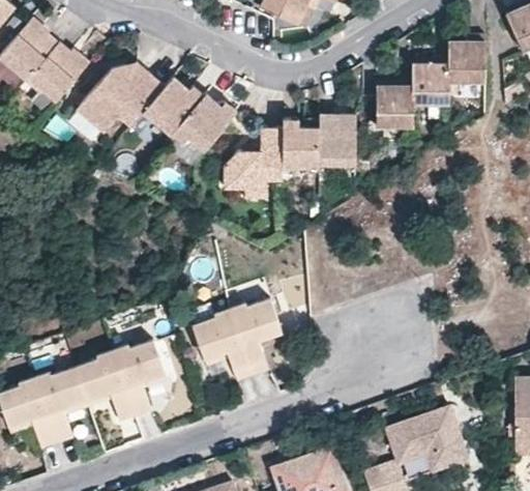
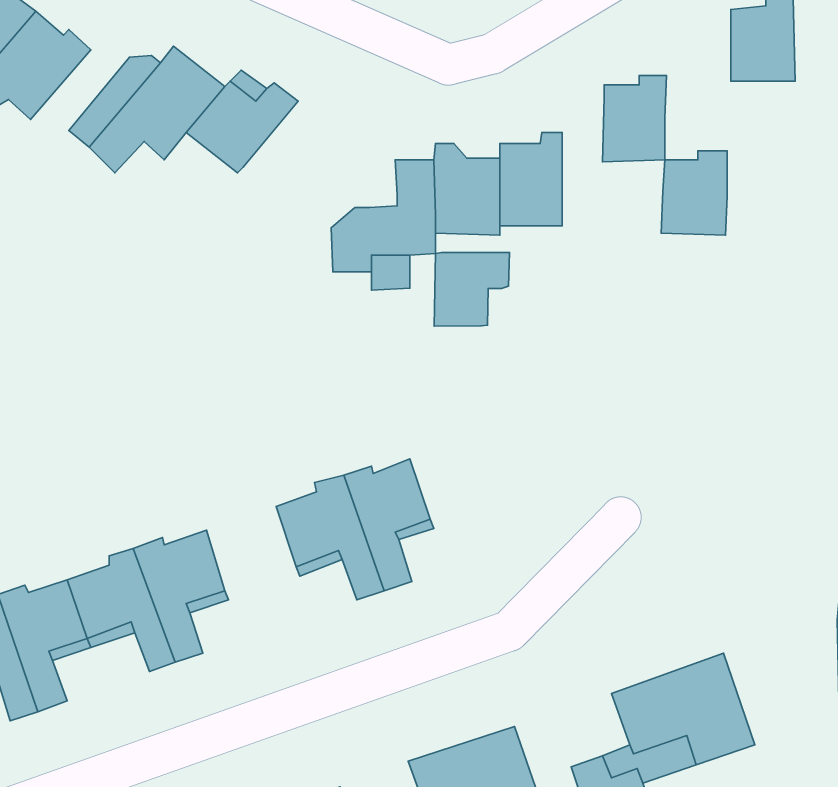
building: [413,57,450,105] -> [661,151,727,235]
building: [175,93,237,147] -> none
building: none -> [434,253,509,326]

